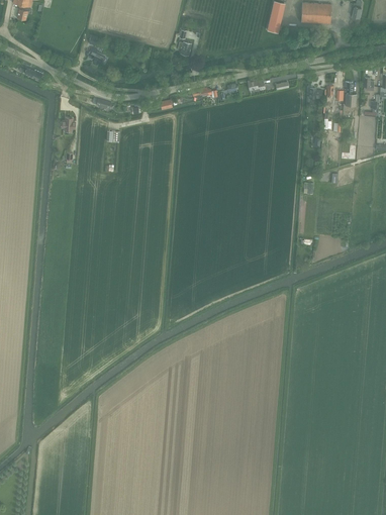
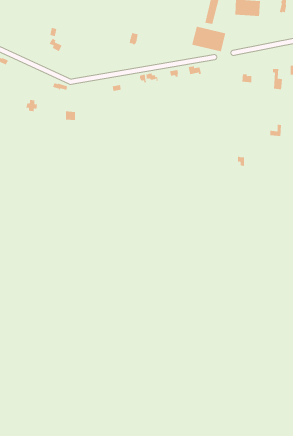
building: none -> [192,26,226,52]

